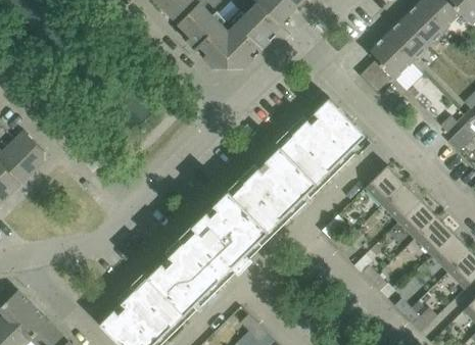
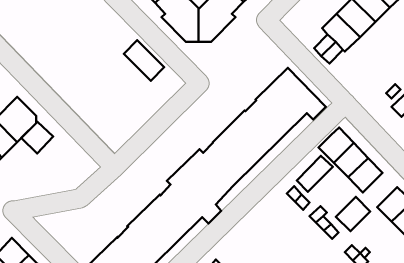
building: none -> [124,40,164,81]
building: none -> [21,122,53,154]
building: none -> [297,156,333,192]
building: [414,216,453,255] -> [336,197,370,231]

